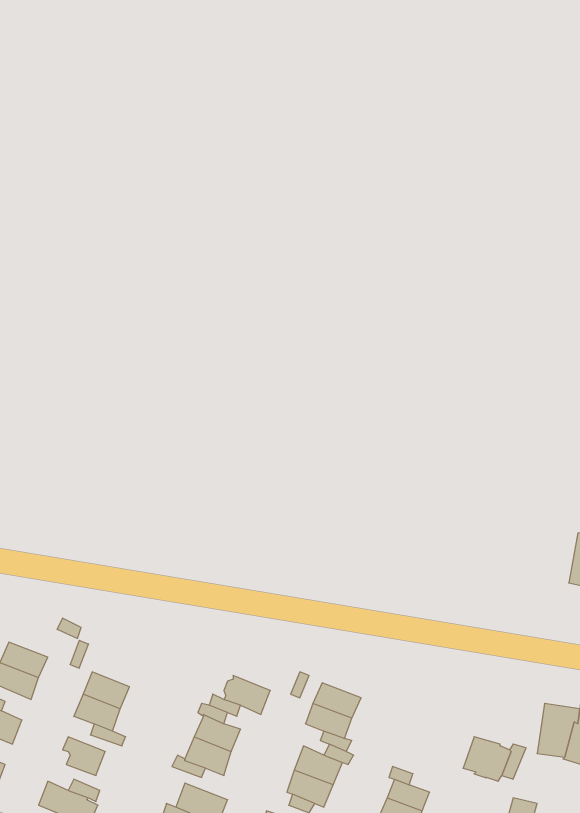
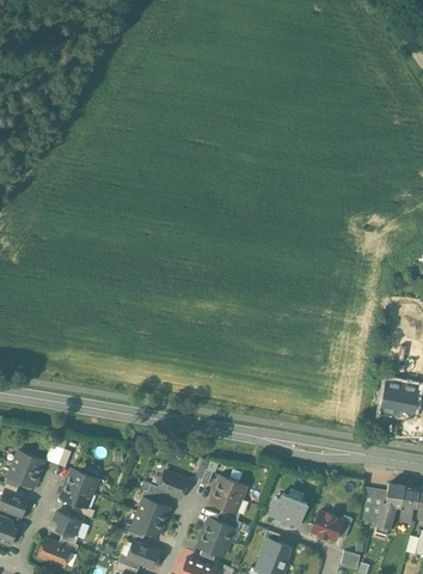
building: none -> [269,494,307,526]

